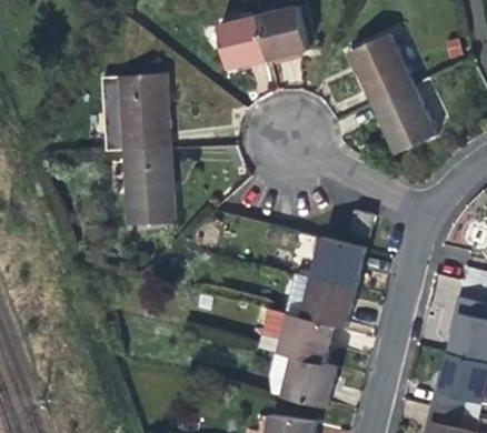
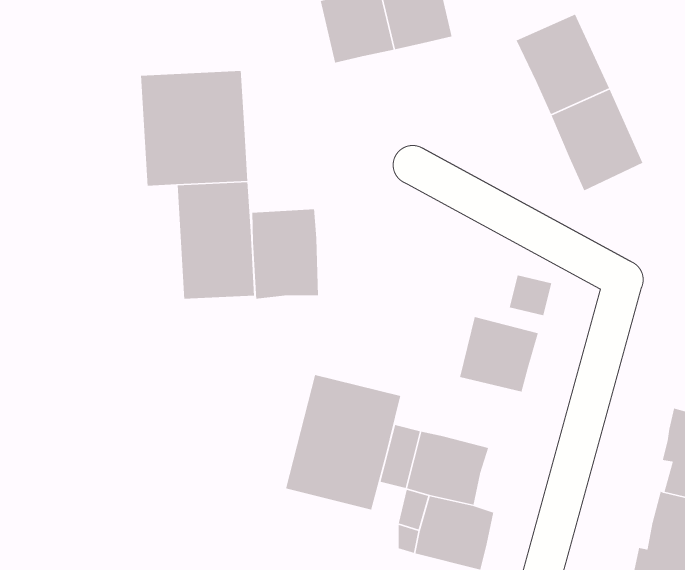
building: none -> [251,209,319,300]
building: none -> [285,374,401,510]
building: [302,278,355,328] -> none

